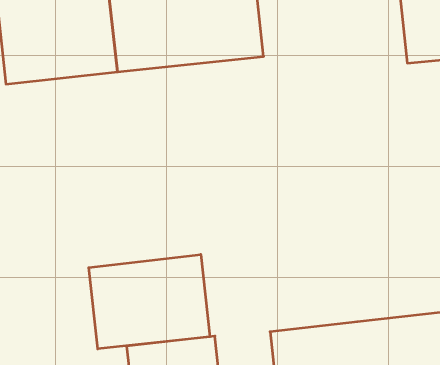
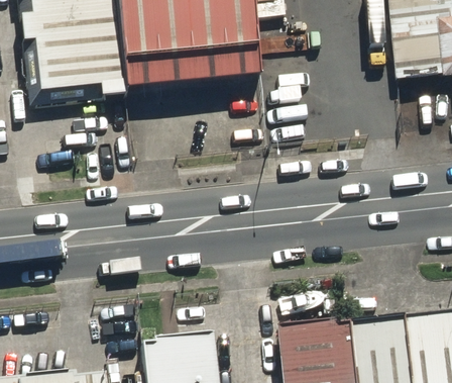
building: [89,254,210,349] -> none

